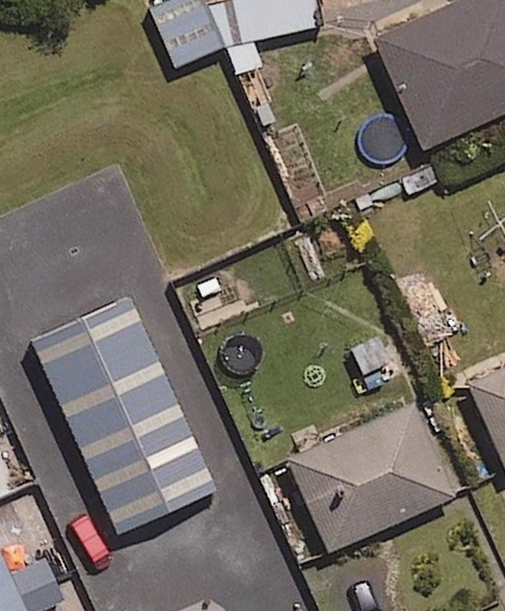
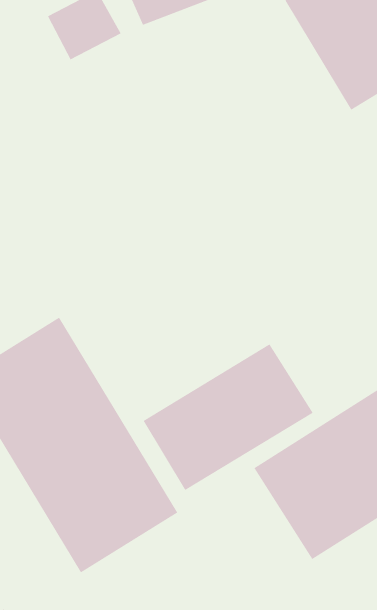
building: none -> [143,343,314,491]

